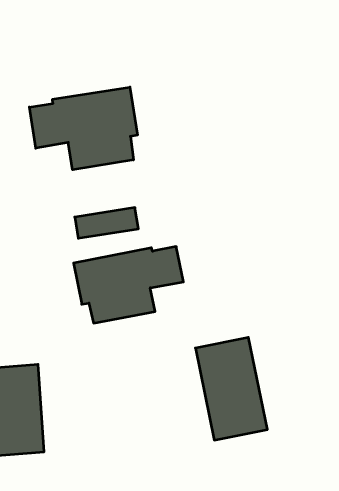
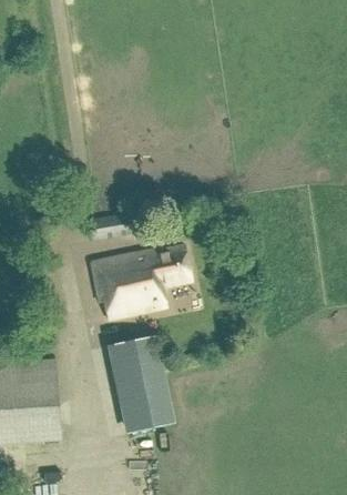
building: [29,87,137,170] -> none
building: [195,337,267,440] -> [105,334,173,431]

